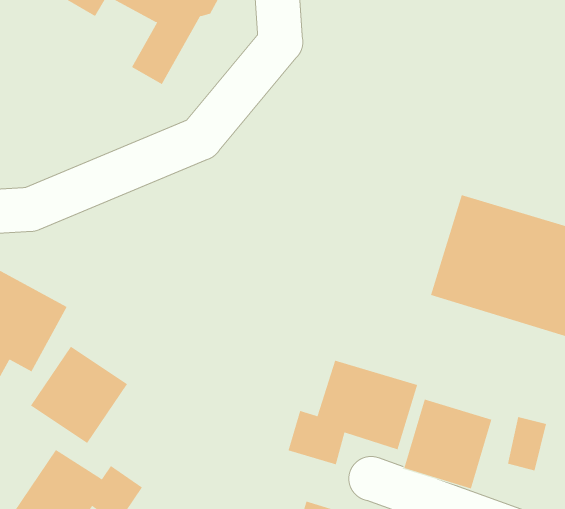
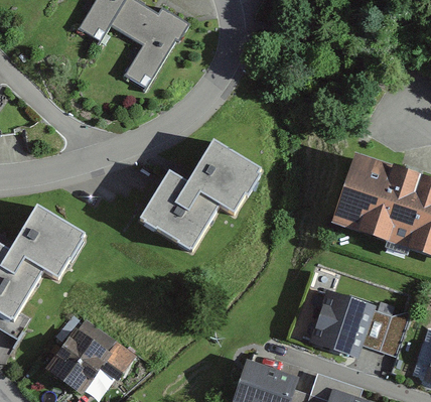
building: none -> [138,143,262,252]
building: [30,346,128,444] -> none
building: [288,360,418,465] -> none

